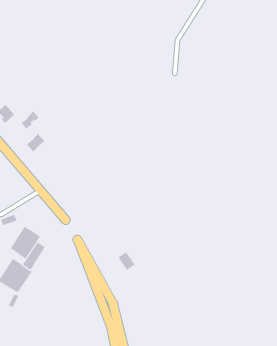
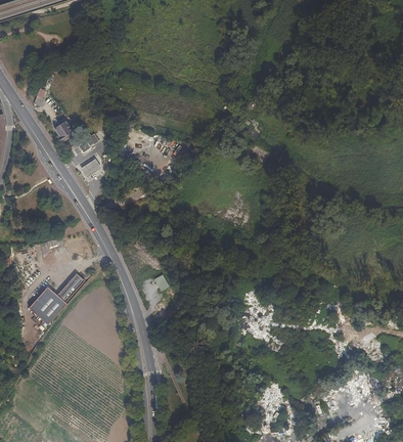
building: [10,225,41,259] -> none

